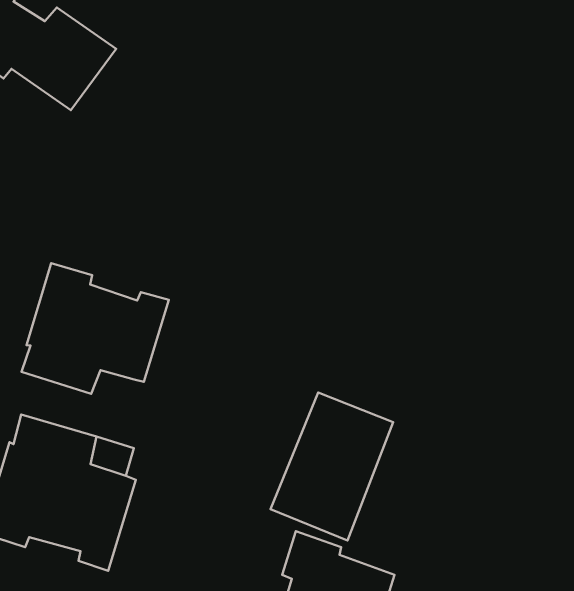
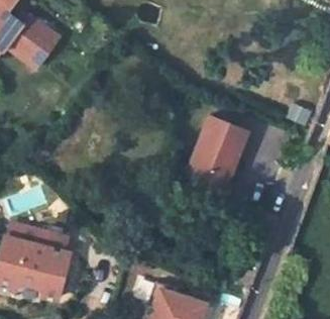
building: [22,263,169,394] -> none
building: [271,392,393,541] -> [187,115,249,191]

